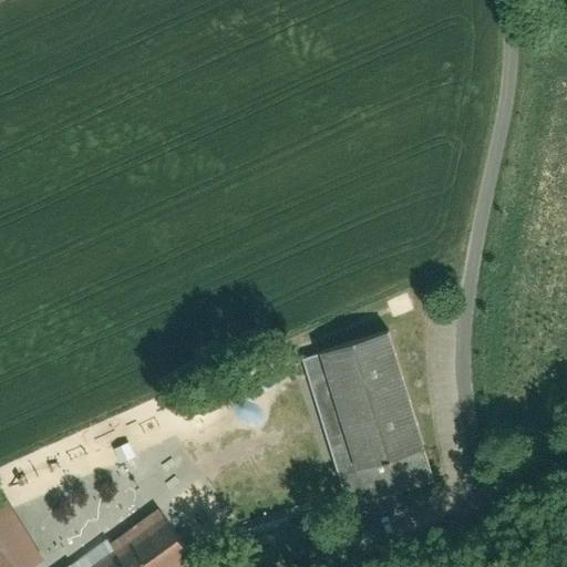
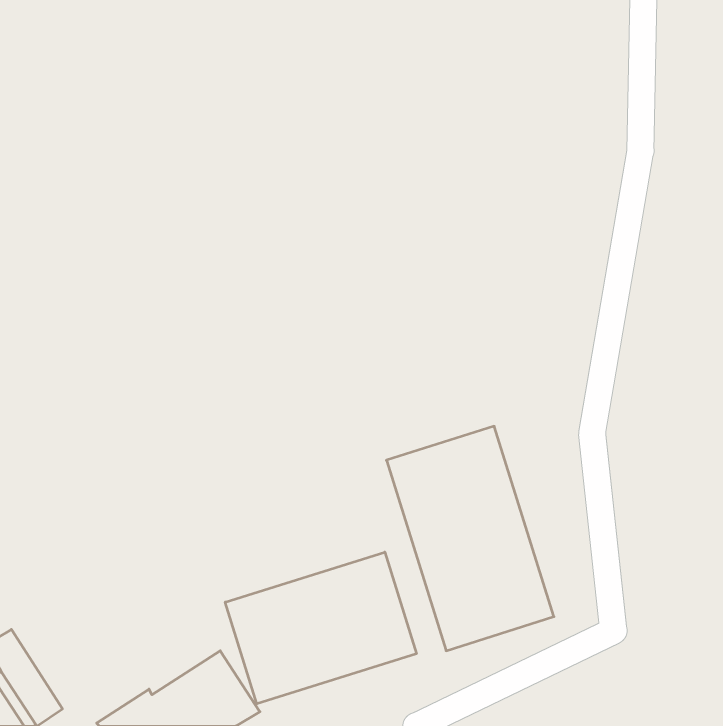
building: none -> [225,552,416,704]

